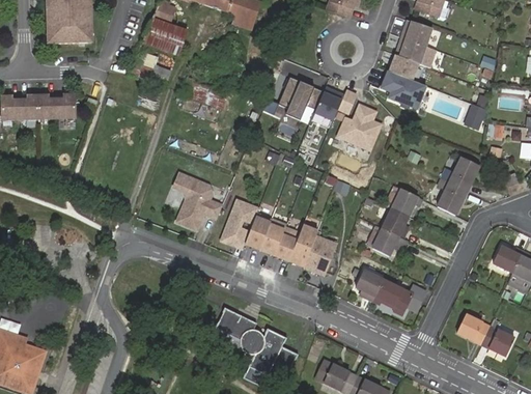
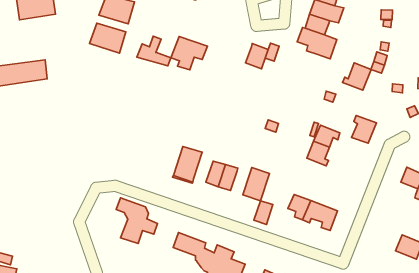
building: [279,77,324,117] -> [171,37,207,70]
building: [338,103,381,147] -> none
building: [444,157,479,190] -> [342,63,371,90]
building: [173,173,222,229] -> [116,198,158,244]
building: [245,213,272,249] -> none
building: [372,227,409,255] -> none
building: [288,237,312,266] -> [254,201,273,225]
building: [457,313,491,344] -> none

